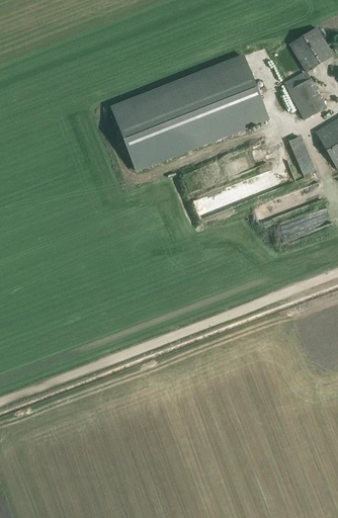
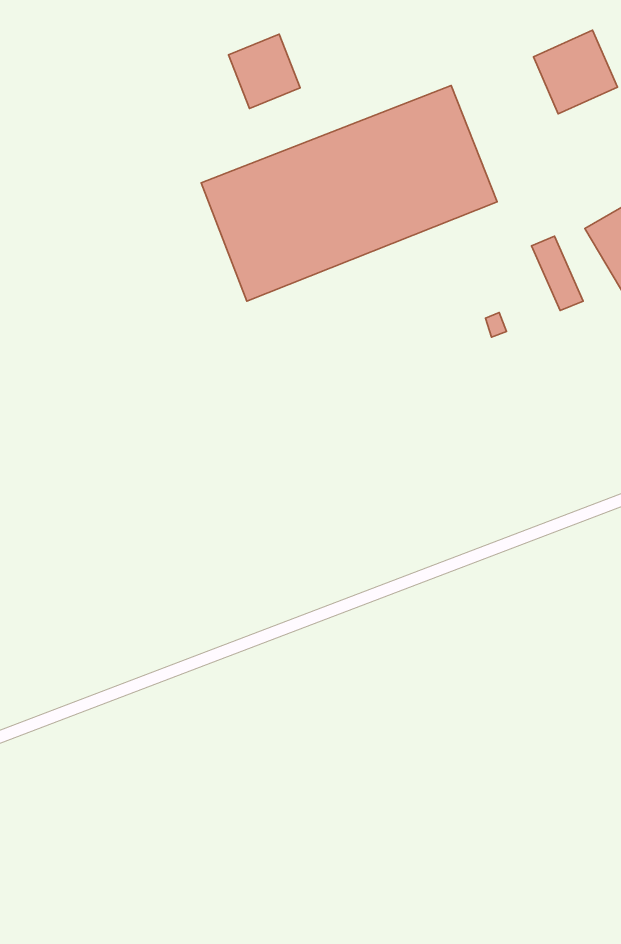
building: none -> [229,34,300,109]
building: [285,71,326,118] -> none

